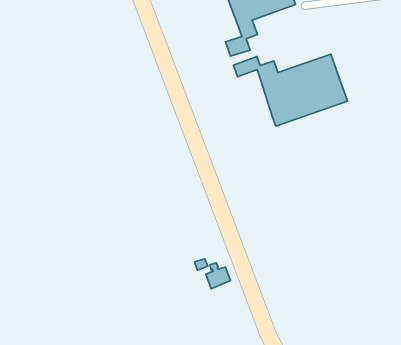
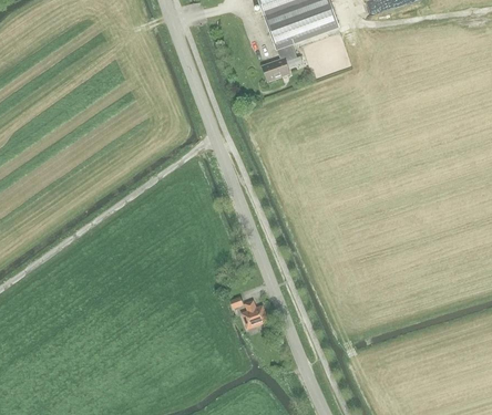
building: [233,54,347,126] -> none

